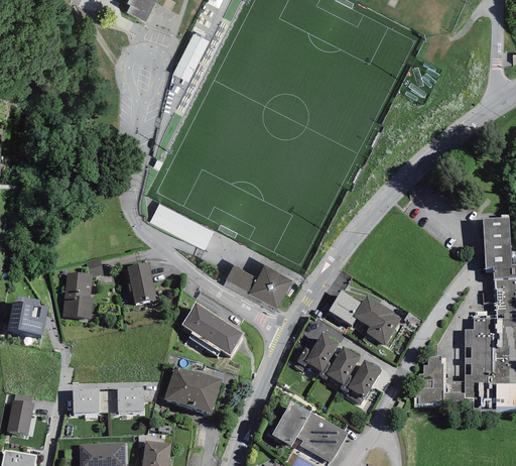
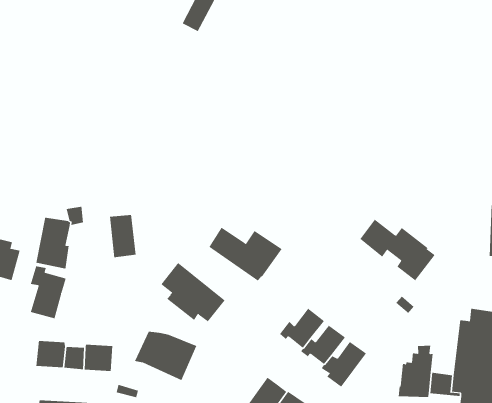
building: [149,204,214,250] -> none
building: [329,289,401,344] -> [359,219,435,281]
building: none -> [30,265,66,319]

